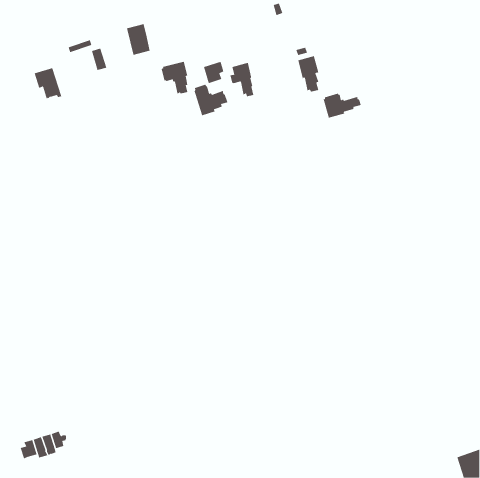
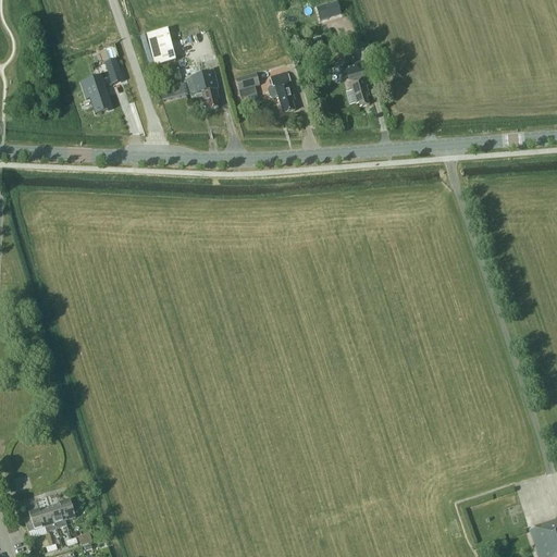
building: [34,67,62,99] -> [81,72,113,109]
building: [193,84,228,116] -> none
building: [323,93,361,118] -> none

